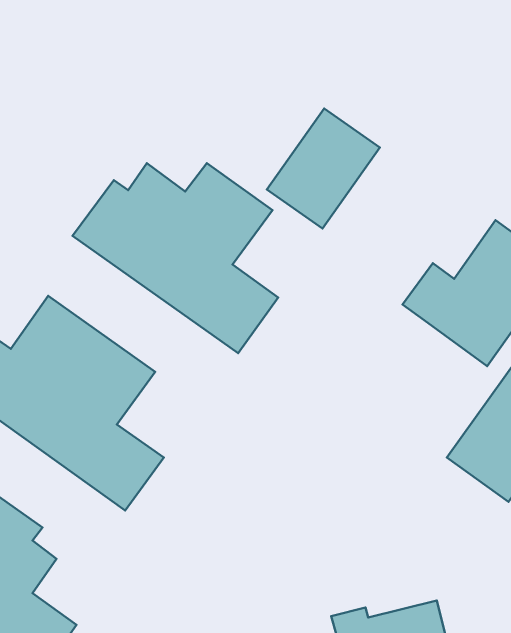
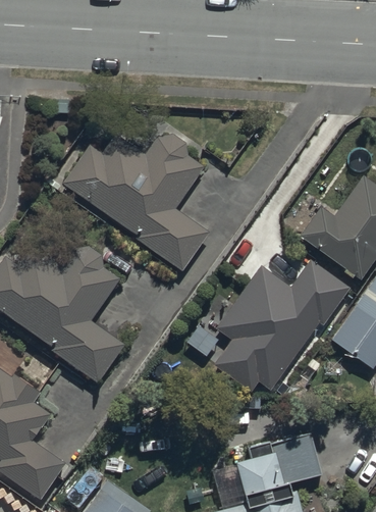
building: [267,108,380,228] -> none
building: none -> [211,260,347,402]

